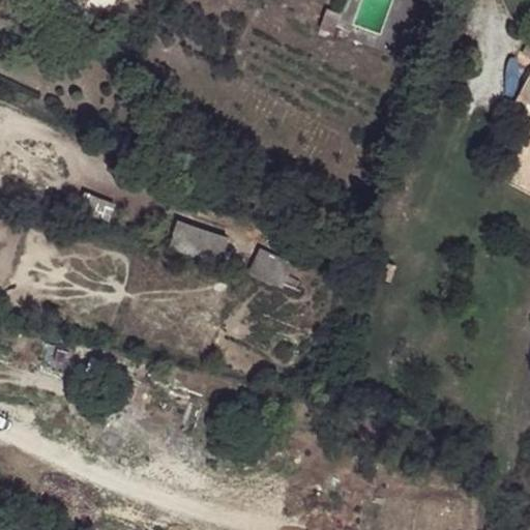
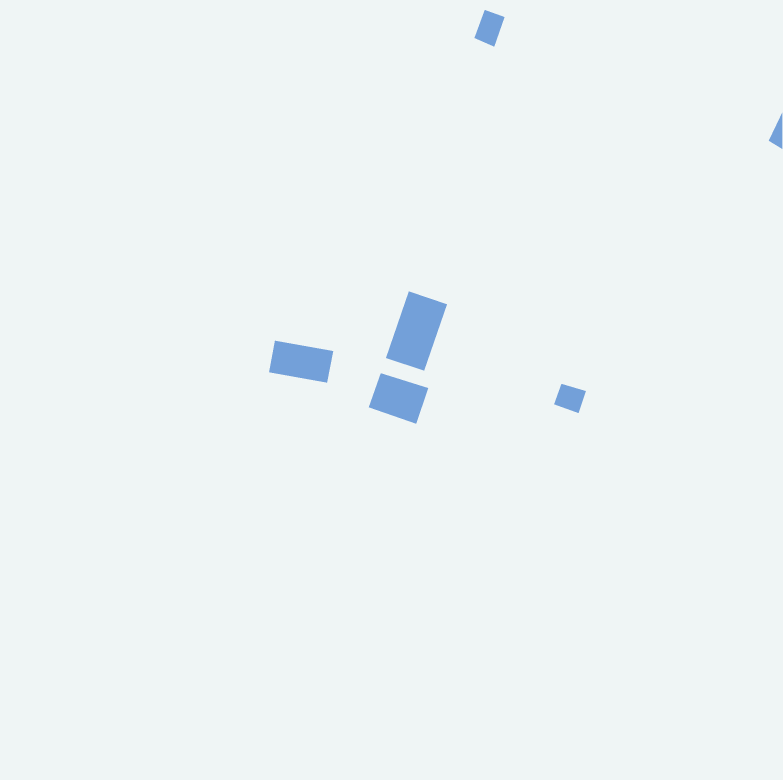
building: none -> [385,291,448,372]

